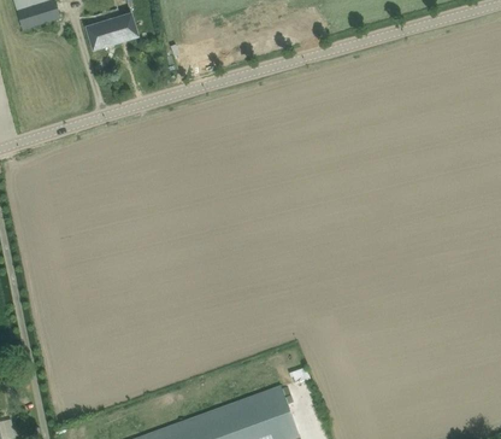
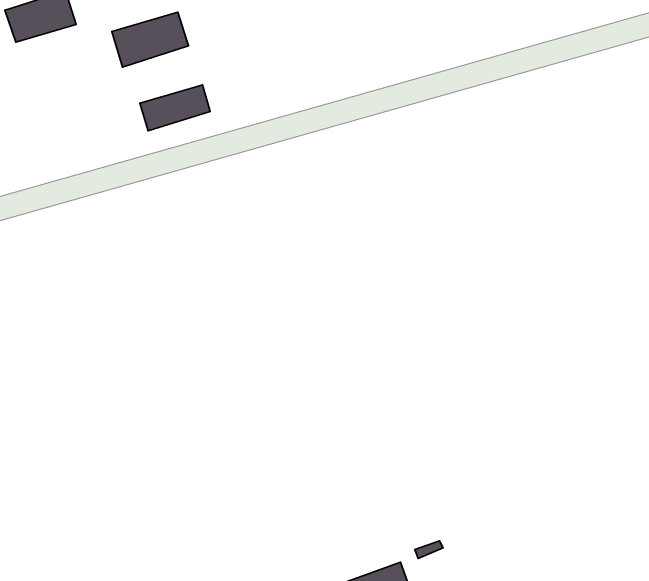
building: none -> [140,85,210,131]

